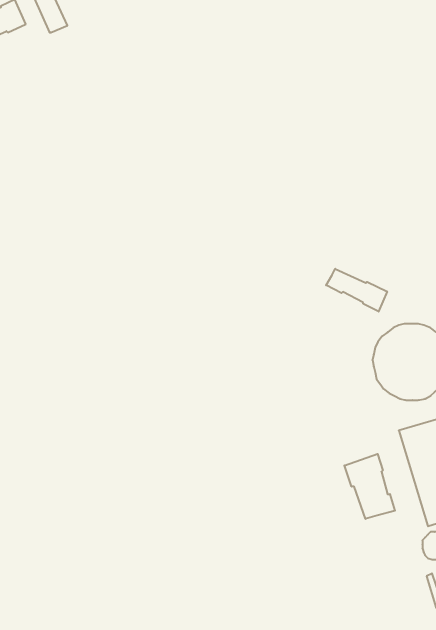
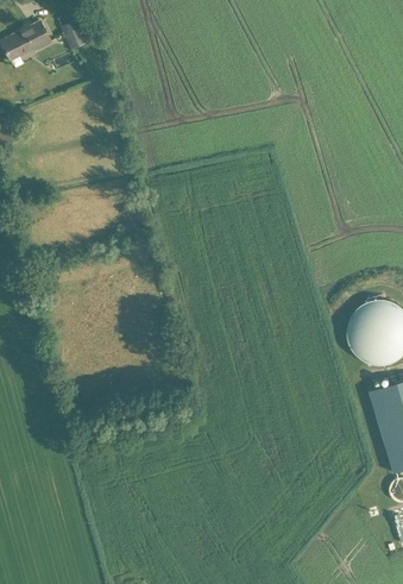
building: [326,269,387,312] -> none
building: [344,454,395,519] -> none

